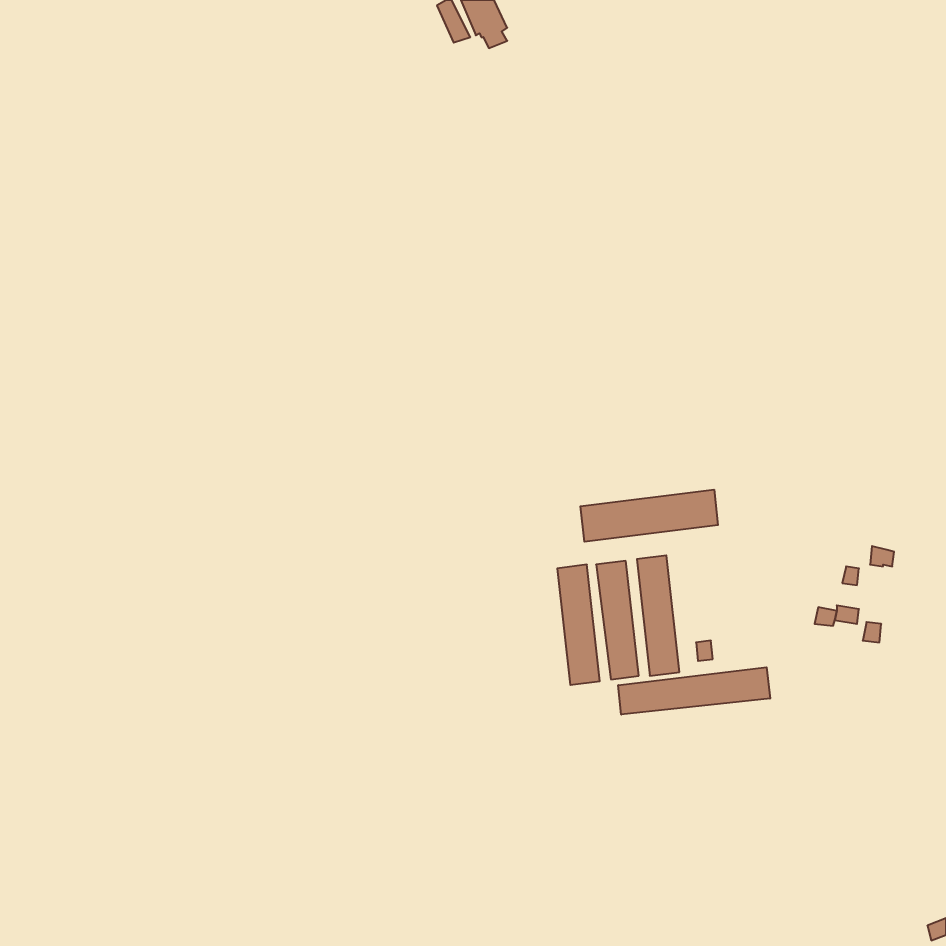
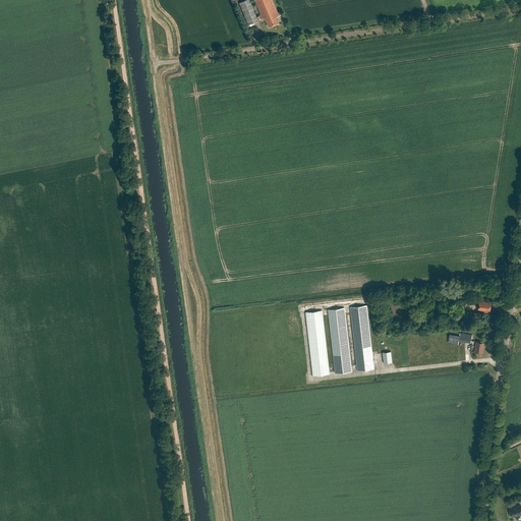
building: [580,490,718,542] -> none
building: [618,667,770,715] -> none

